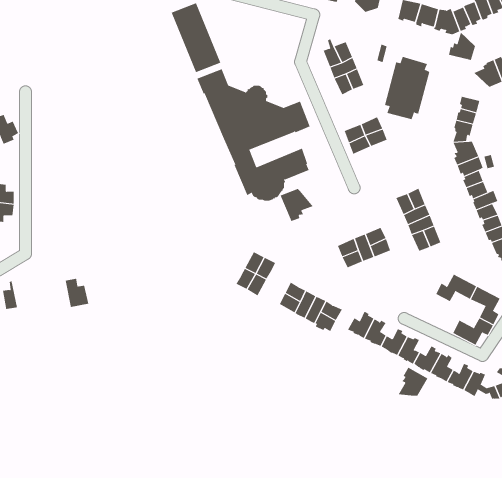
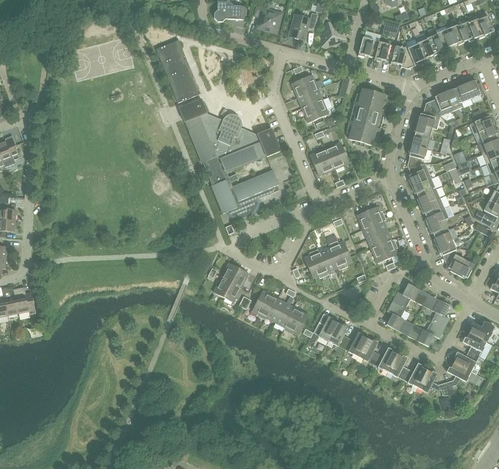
building: [448,31,476,61] -> [415,102,440,128]
building: [280,188,314,222] -> none
building: [65,278,89,307] -> [13,286,35,312]
building: none -> [386,300,413,335]
building: [398,367,428,397] -> none

